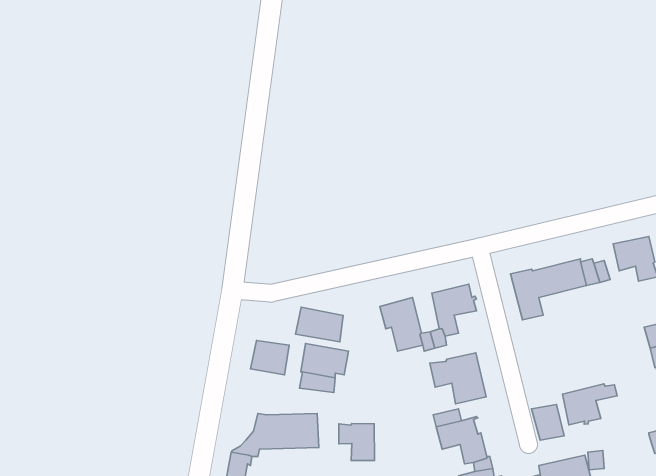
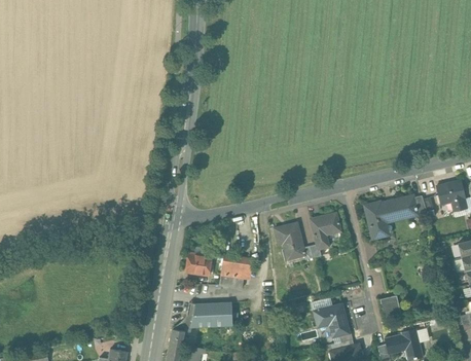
building: [296,307,343,342] -> none
building: [430,353,486,404] -> none
building: [562,384,617,425] -> none
building: [339,423,374,461] -> none

